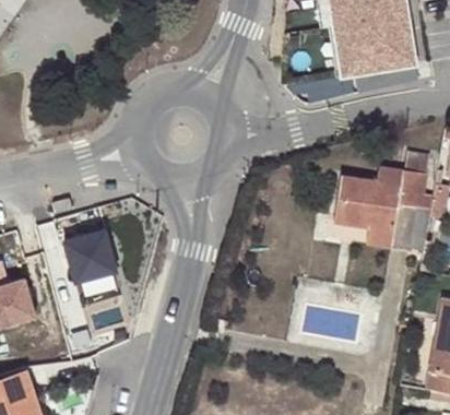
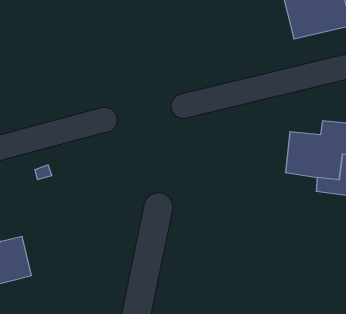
building: [70,228,123,280] -> none

